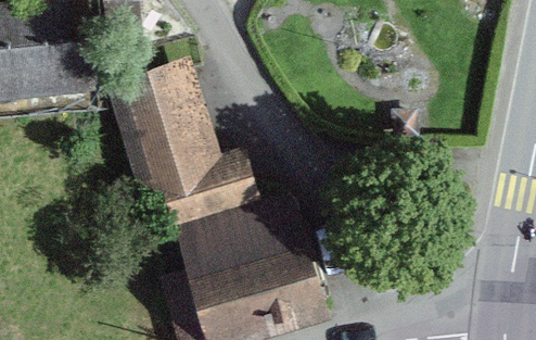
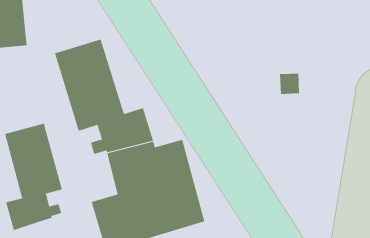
building: none -> [4,123,62,231]

